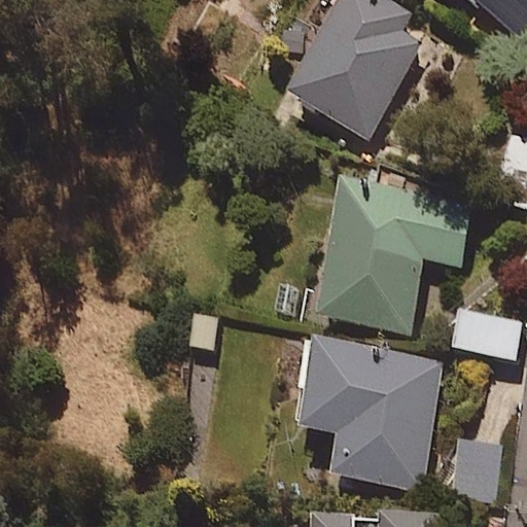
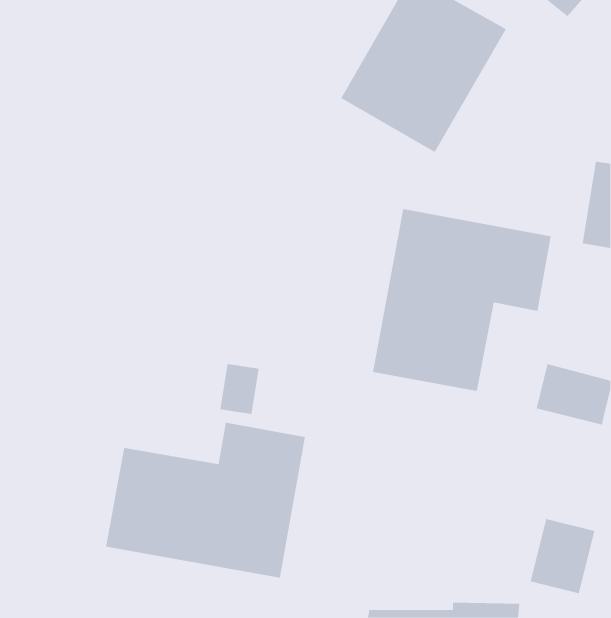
building: [301,342,440,490] -> none
building: none -> [106,422,305,579]

